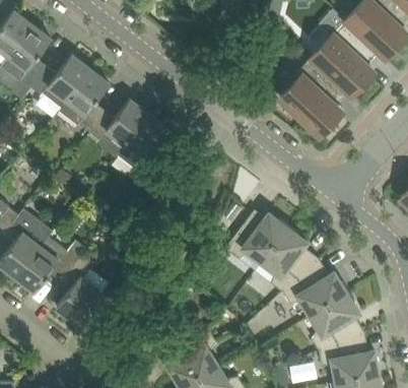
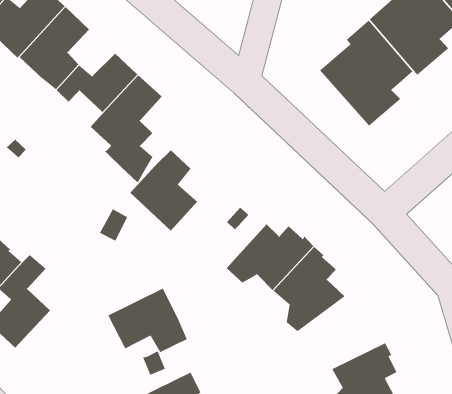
building: none -> [129,150,198,232]
building: [282,261,347,315] -> none
building: none -> [107,288,188,353]

